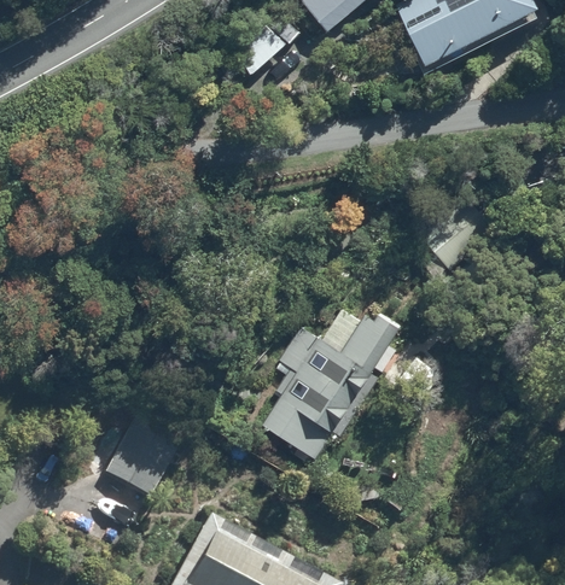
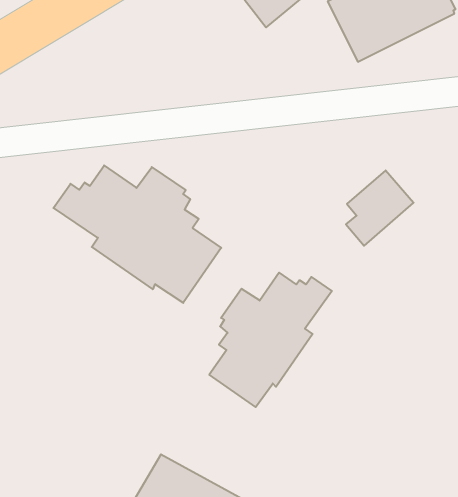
building: none -> [53,165,221,303]
building: [89,411,177,499] -> none

